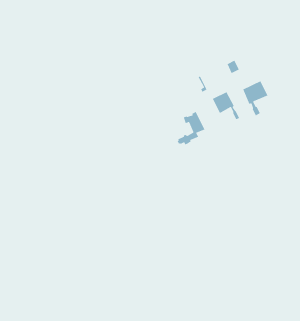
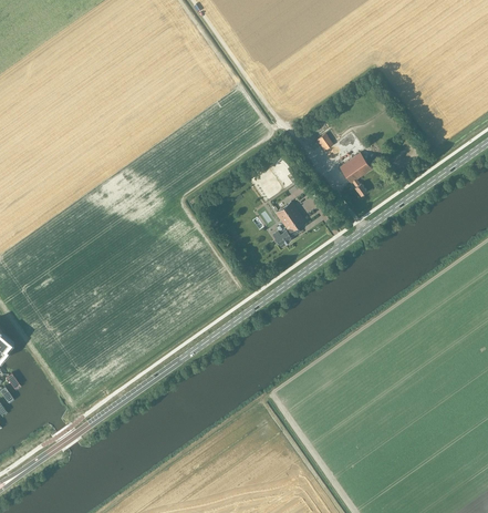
building: [212,91,240,120] -> none

